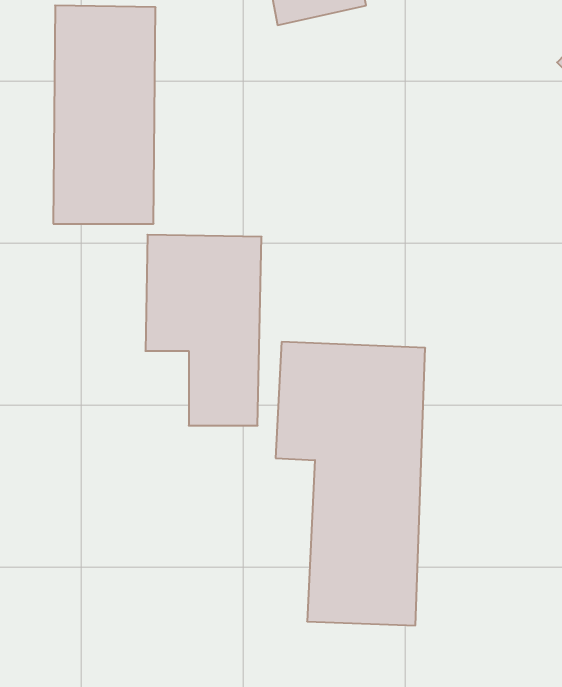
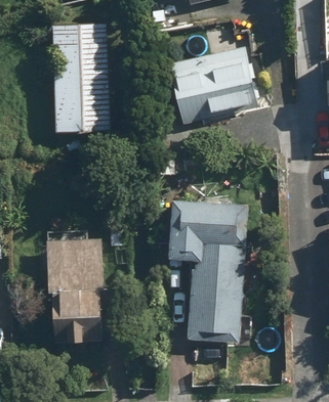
building: none -> [164,47,256,121]
building: [145,235,262,426] -> [45,239,106,339]

